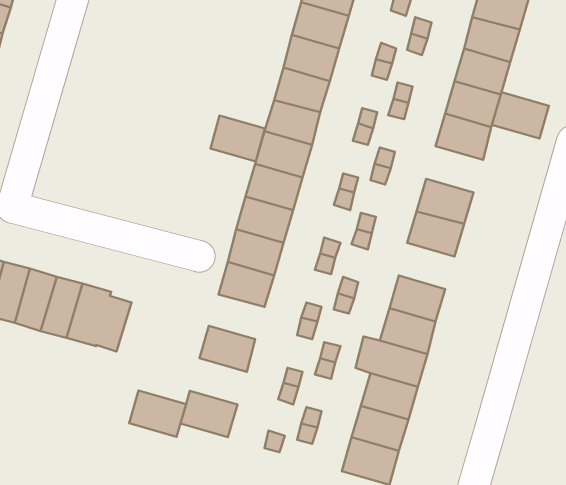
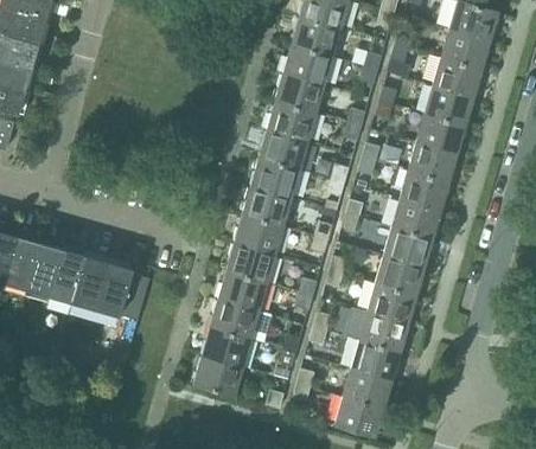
building: [492,92,549,138] -> [408,143,458,184]
building: [210,115,265,161] -> none
building: none -> [384,227,433,268]
building: none -> [218,272,267,312]
building: [129,390,186,437] -> [202,328,251,368]

